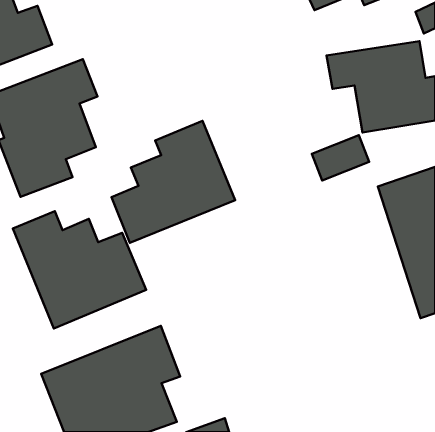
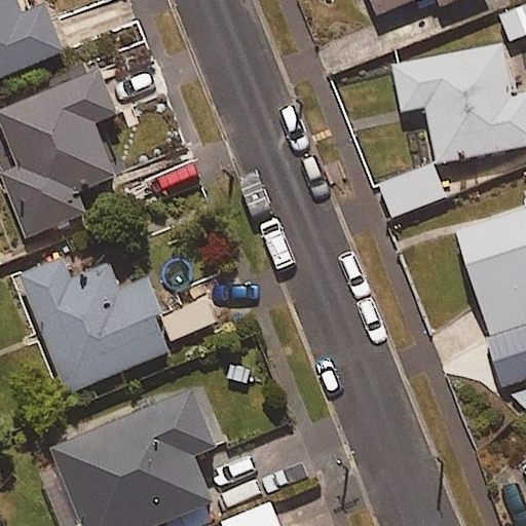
building: [111,121,235,243] -> none

